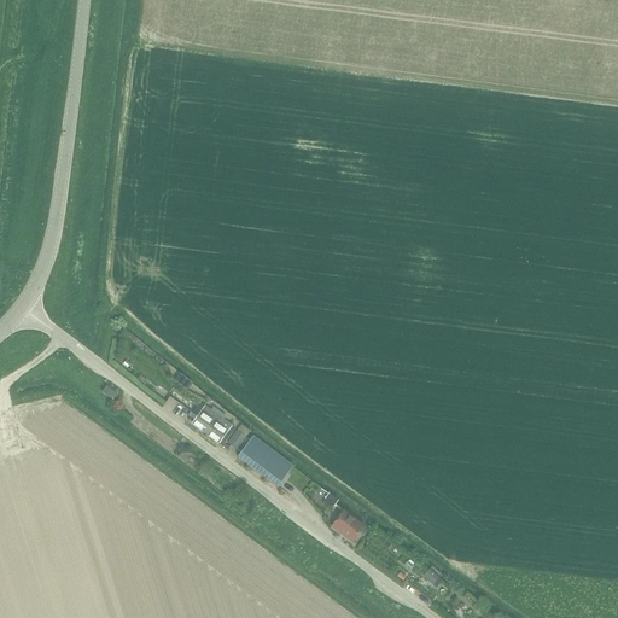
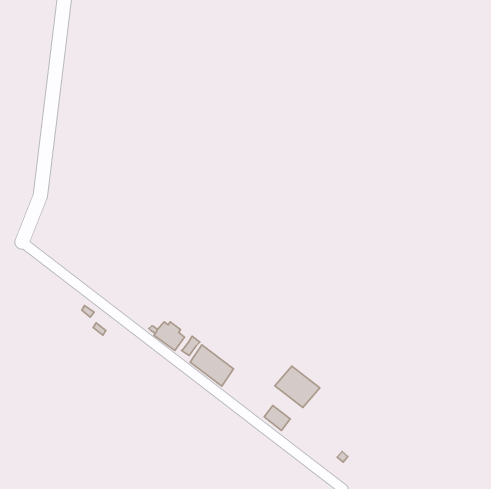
building: none -> [275,366,320,408]

